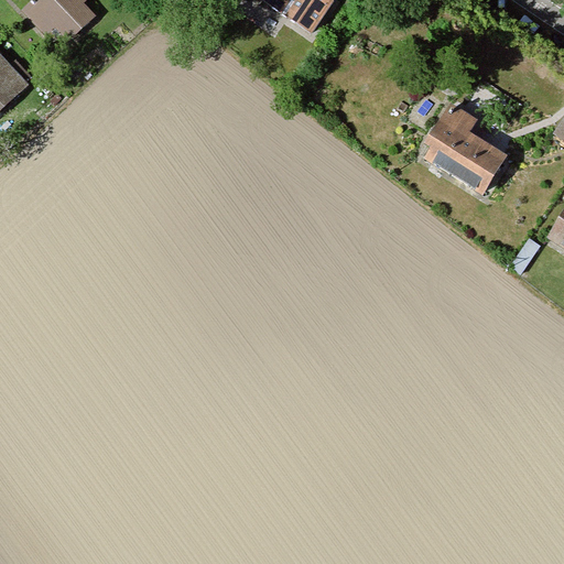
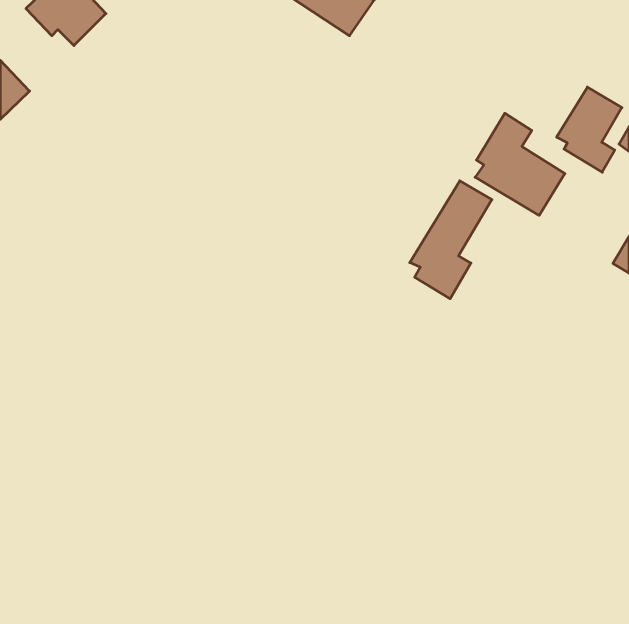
building: none -> [557,87,622,172]
building: none -> [410,181,492,299]

